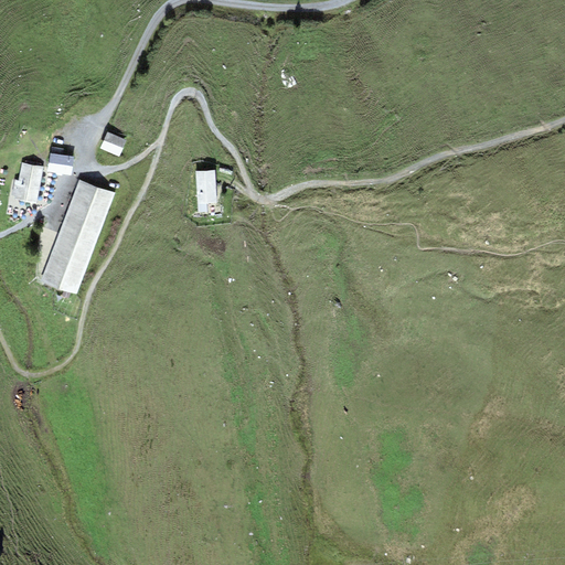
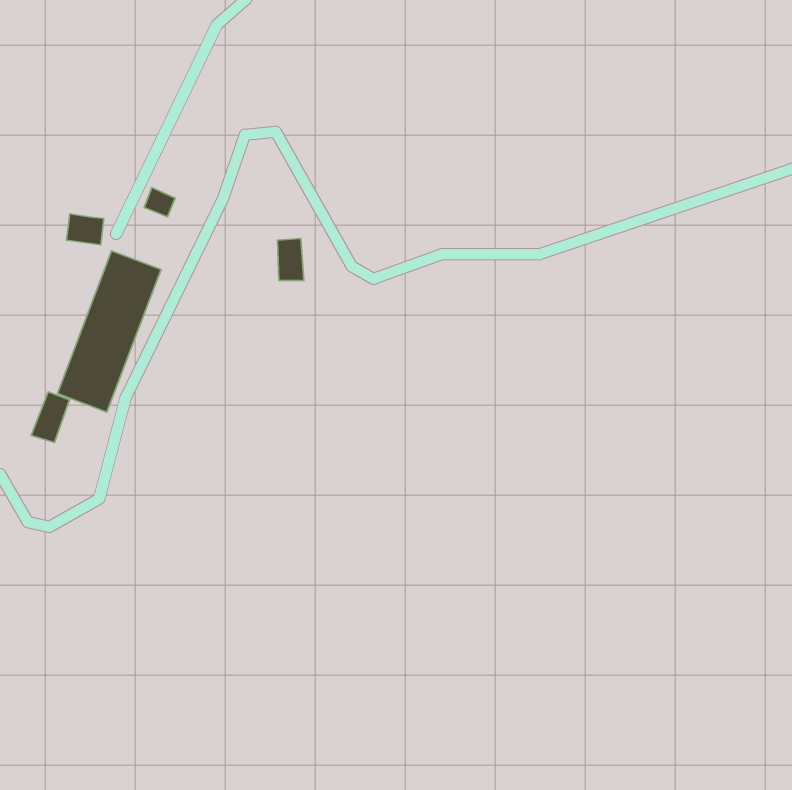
building: [12,161,43,203] -> none
building: none -> [31,392,69,442]

